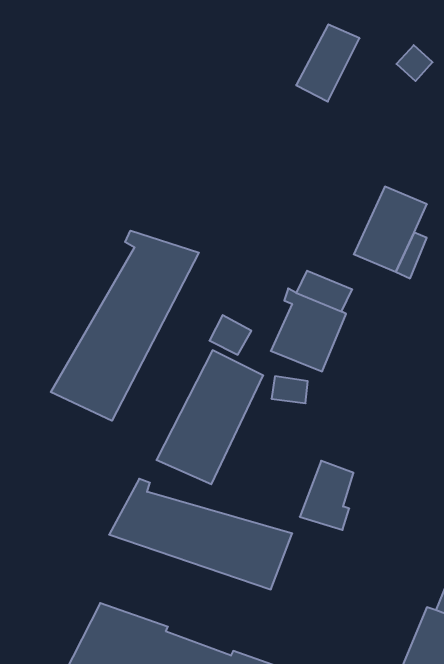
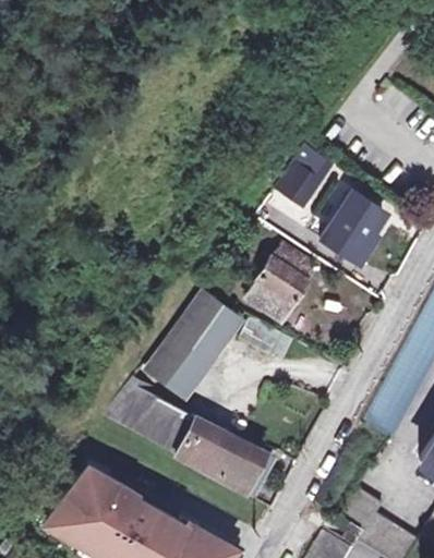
building: [296,24,360,102] -> [279,148,333,206]
building: [51,231,199,421] -> none
building: [300,461,354,530] -> [220,440,266,495]

